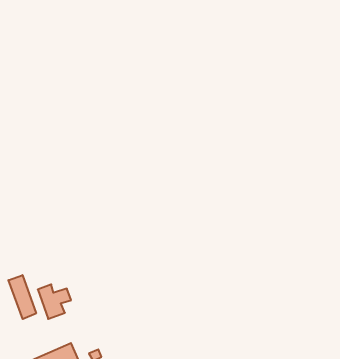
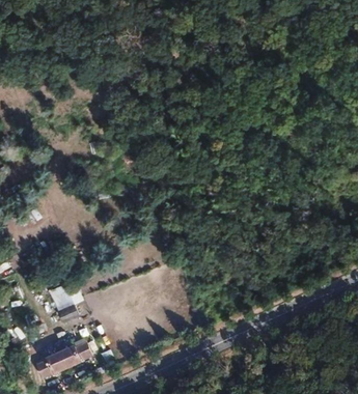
building: [8,275,36,319] -> none

